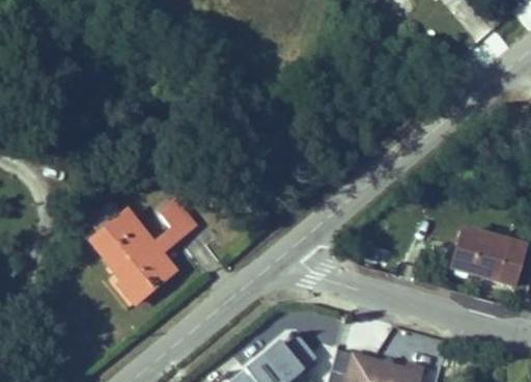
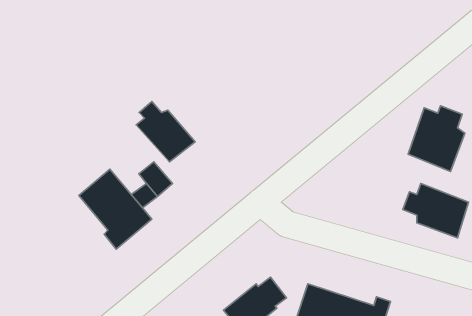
building: none -> [136,102,195,162]
building: none -> [408,106,465,172]

